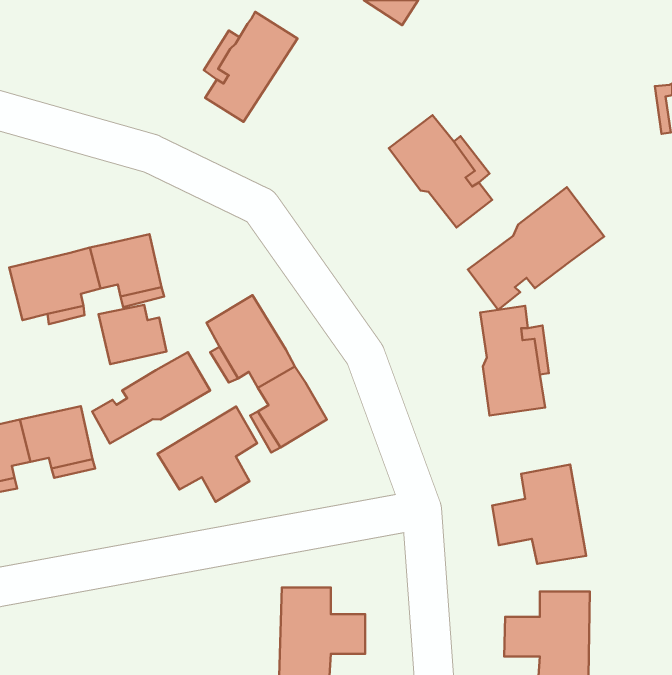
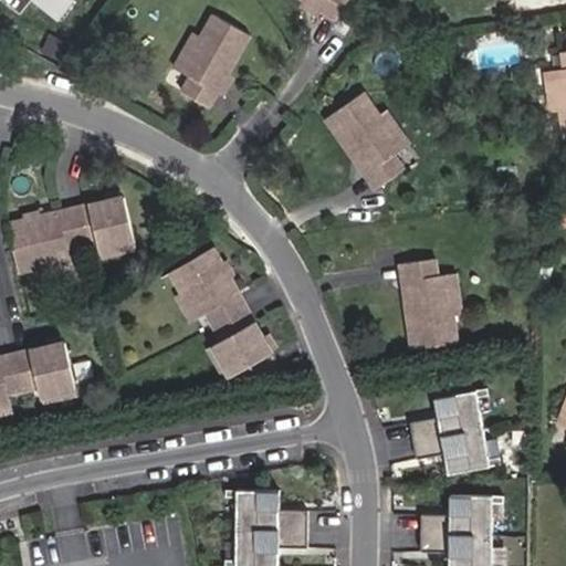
building: [468,187,604,310] -> none
building: [99,305,167,364] -> none
building: [92,352,210,443] -> none
building: [157,407,257,502] -> none

